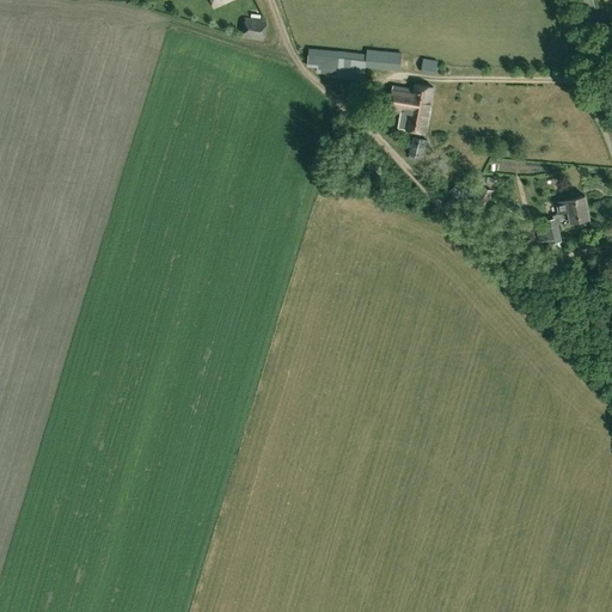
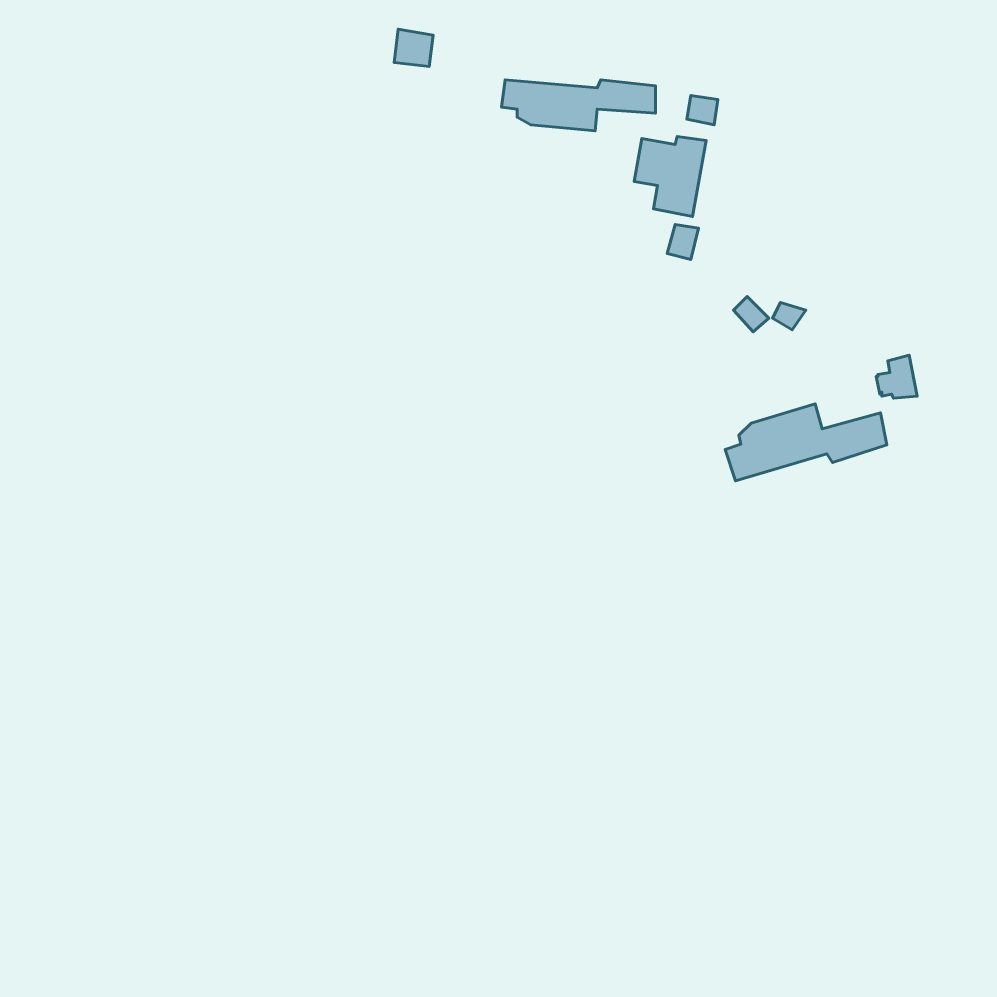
building: [558,196,589,225] -> none
building: none -> [725,404,887,481]

